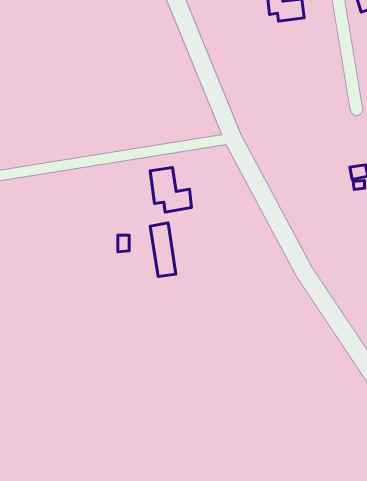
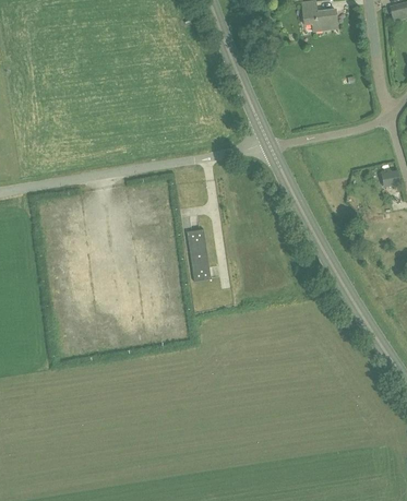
building: [150,168,192,212] -> none

